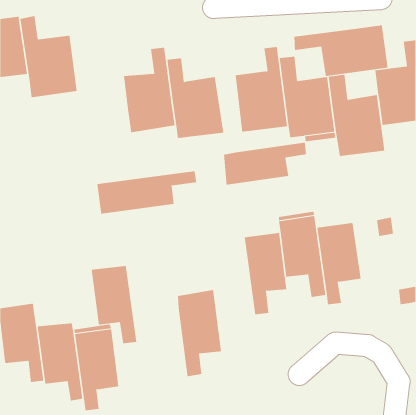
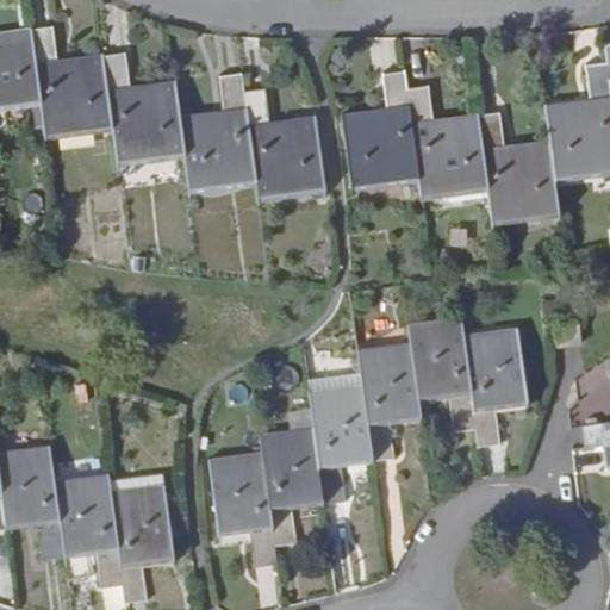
building: [294,24,388,77] -> none
building: none -> [102,49,186,169]
building: [223,142,307,185] -> none
building: [97,171,197,215] -> none
building: none -> [307,381,372,502]
building: [91,266,137,344] -> [207,450,275,565]

